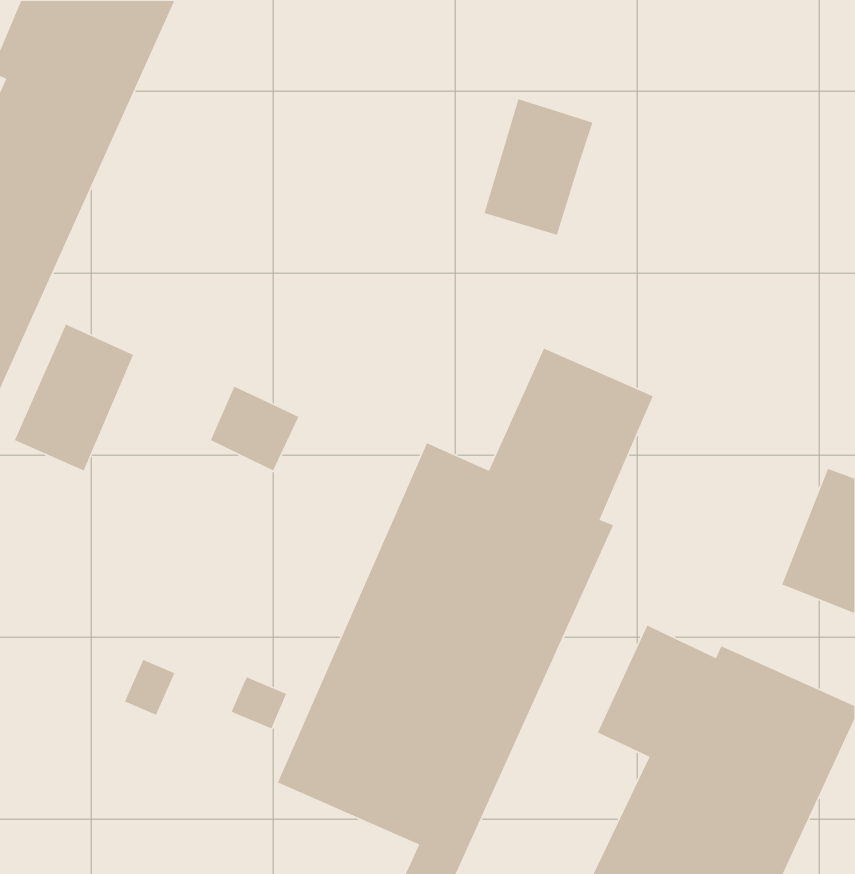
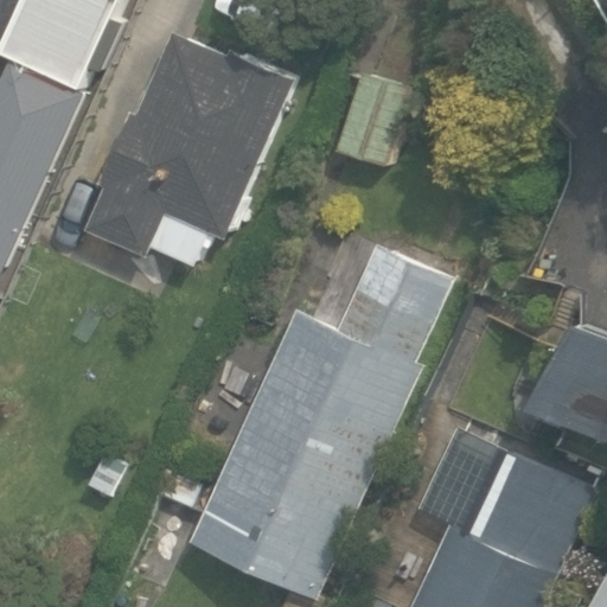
building: none -> [85,32,295,264]

